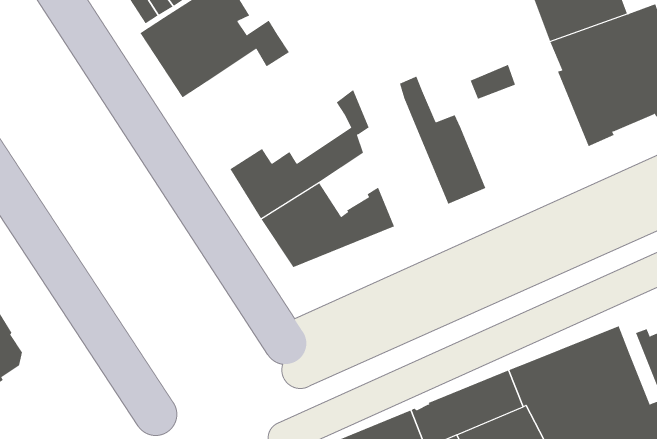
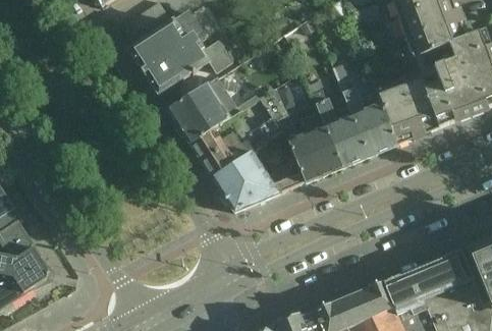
building: none -> [334,63,400,156]
building: none -> [383,75,440,140]
building: none -> [170,76,265,143]
building: none -> [281,111,343,182]

